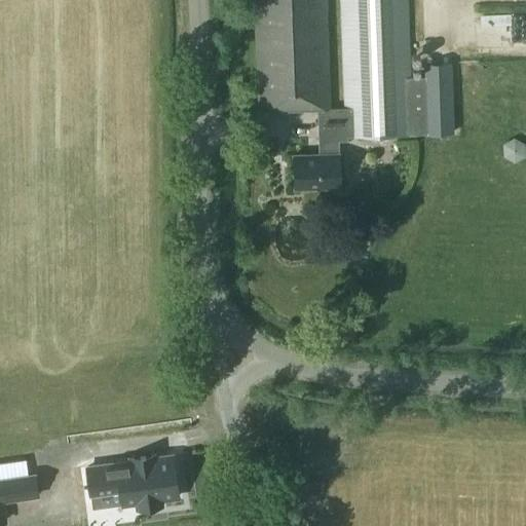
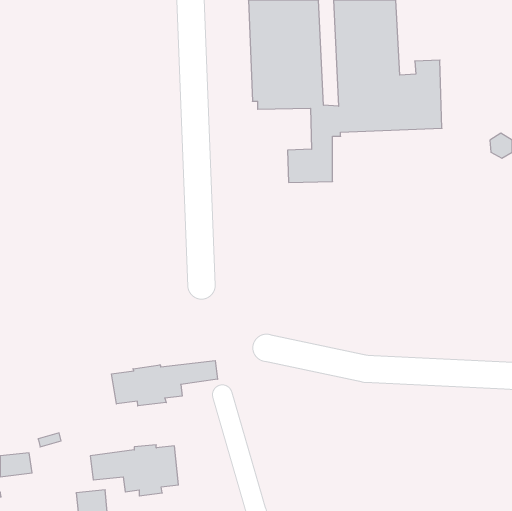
building: none -> [112,361,218,406]

